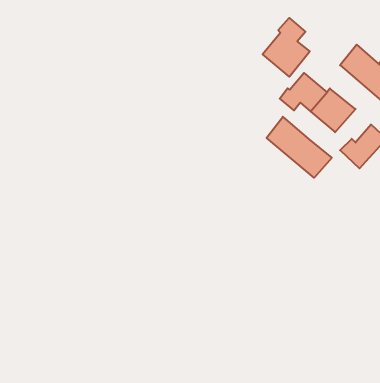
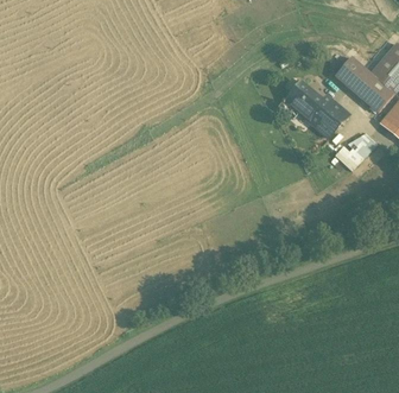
building: [263,18,310,77] -> none
building: [267,117,332,178] -> none

